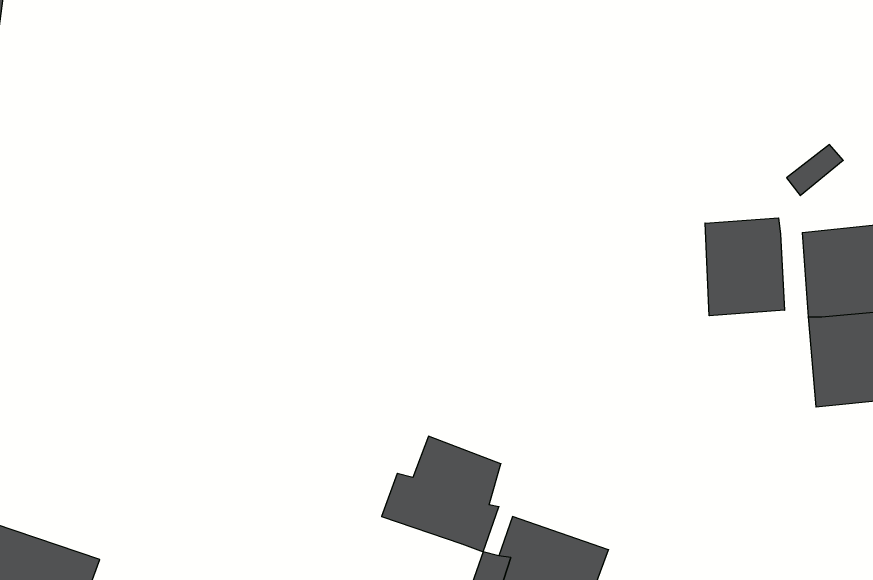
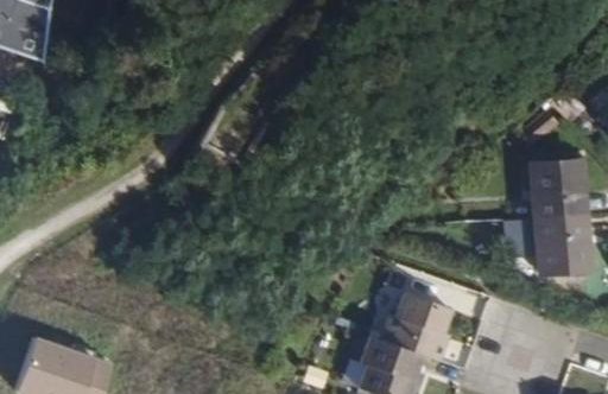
building: [705,218,785,316] -> none
building: [382,436,501,552] -> [369,292,442,362]

